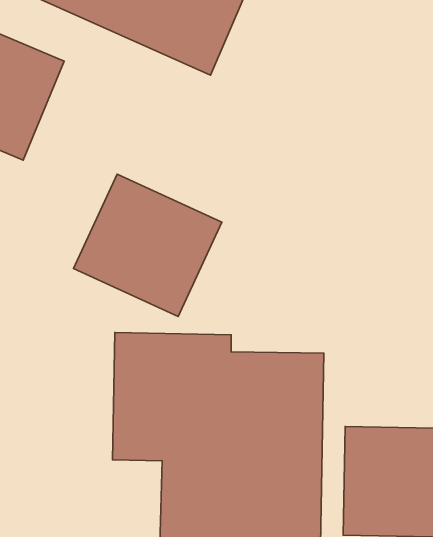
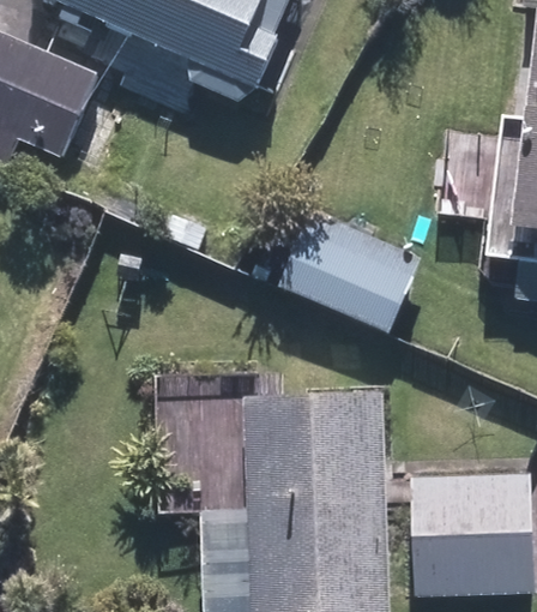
building: [74,174,222,317] -> none
building: none -> [267,205,418,332]

